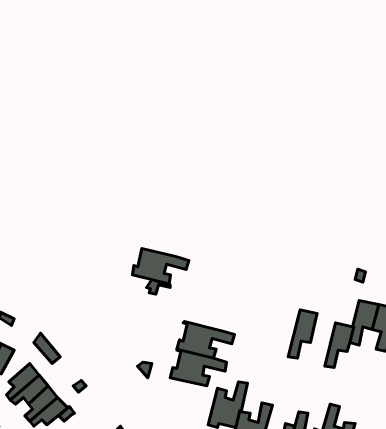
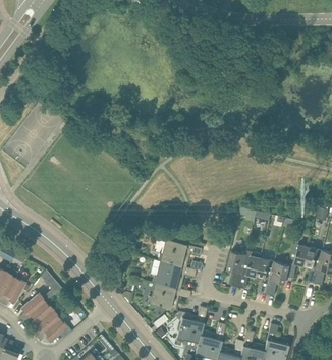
building: [133,249,189,284] -> [158,239,202,266]
building: none -> [227,250,246,287]
building: none -> [256,257,275,294]

